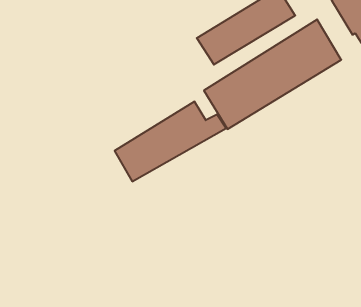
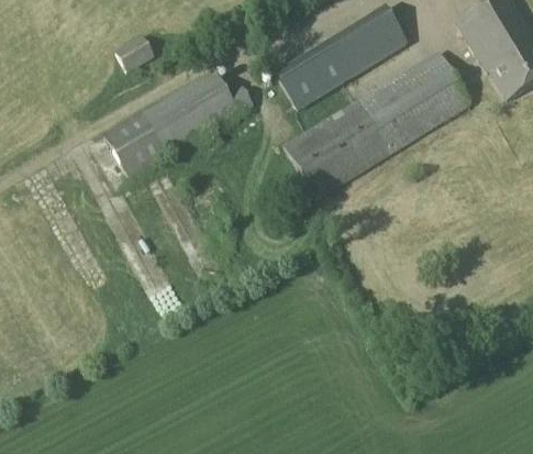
building: none -> [115,34,154,73]
building: [115,102,226,181] -> [104,68,256,177]

